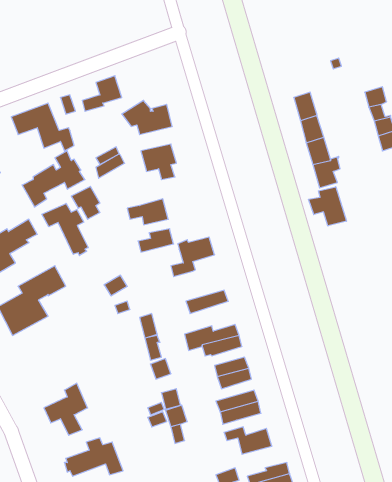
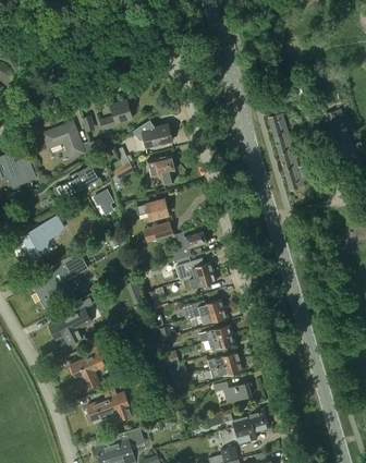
building: [309,187,346,226] -> none
building: [42,203,88,256] -> none
building: none -> [175,259,213,281]
building: none -> [49,298,93,345]

